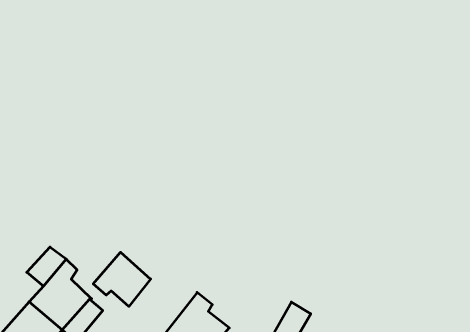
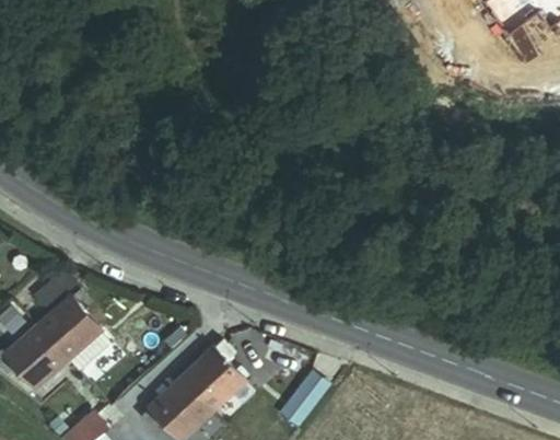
building: [93,252,151,306] -> none

